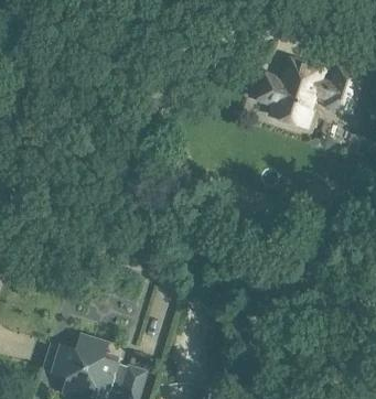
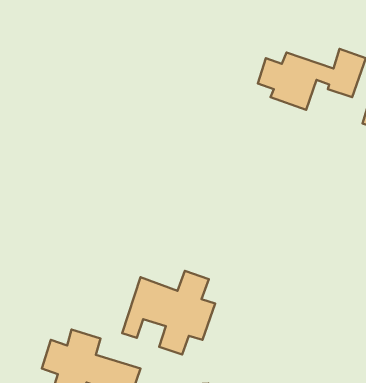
building: none -> [122,271,215,355]

